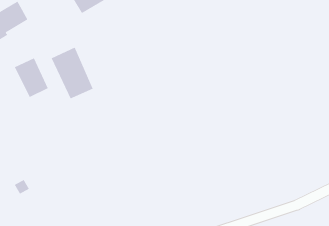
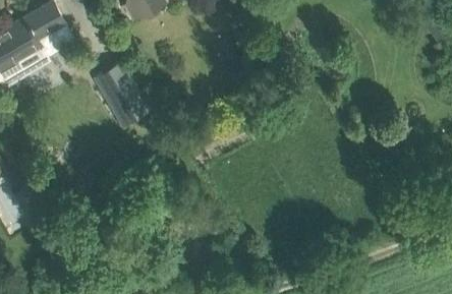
building: [14,57,49,98] -> none

